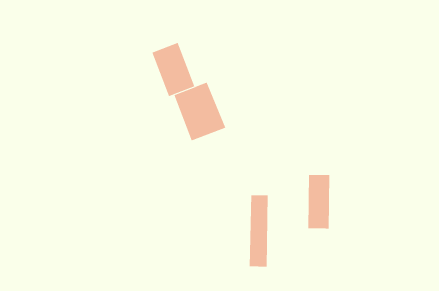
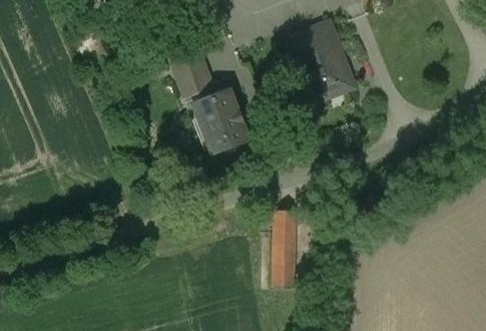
building: none -> [294,20,354,101]
building: [308,174,330,229] -> none

